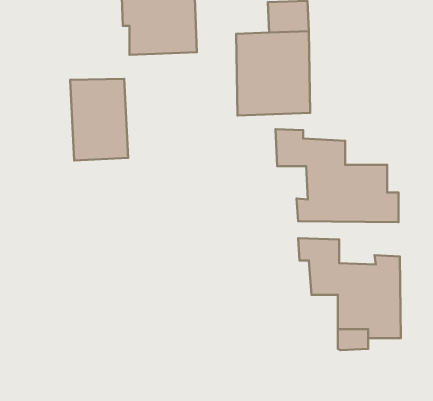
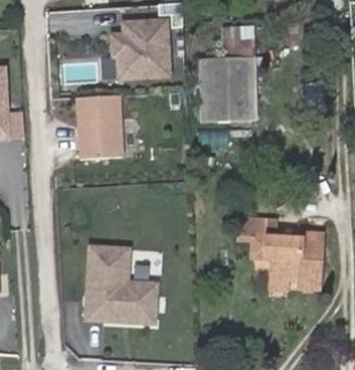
building: [276,129,398,222] -> none
building: none -> [84,249,156,325]

